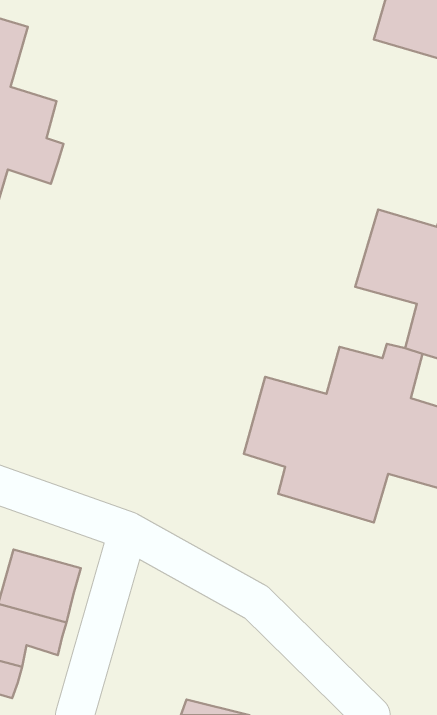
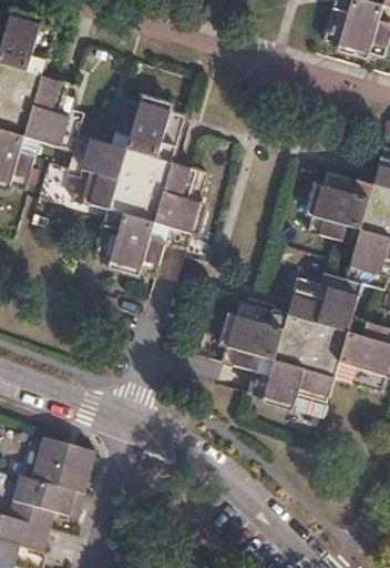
building: none -> [69,97,207,272]

